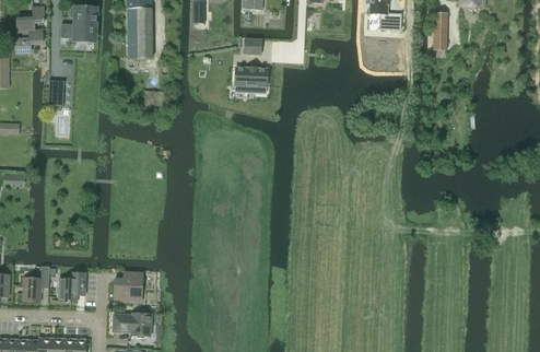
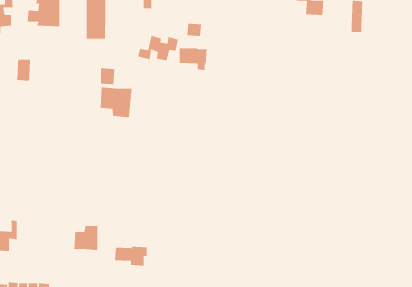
building: none -> [138,35,179,61]
building: none -> [100,86,132,118]
building: [59,273,86,302] -> none
building: [113,313,151,336] -> [114,246,147,266]

